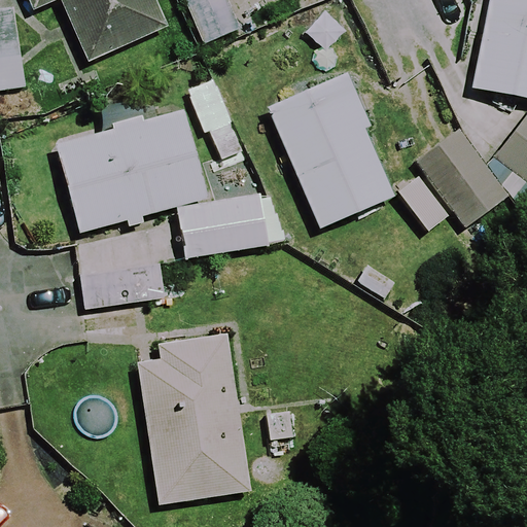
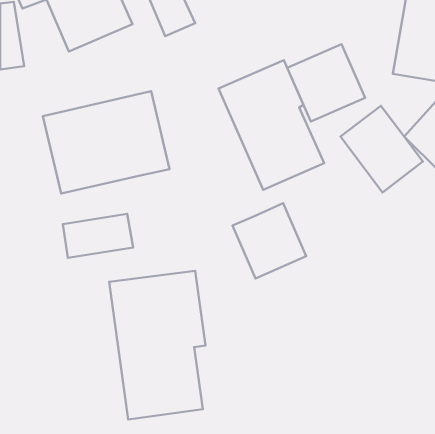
building: none -> [287,44,365,121]
building: [175,192,264,259] -> none
building: none -> [232,203,306,279]

